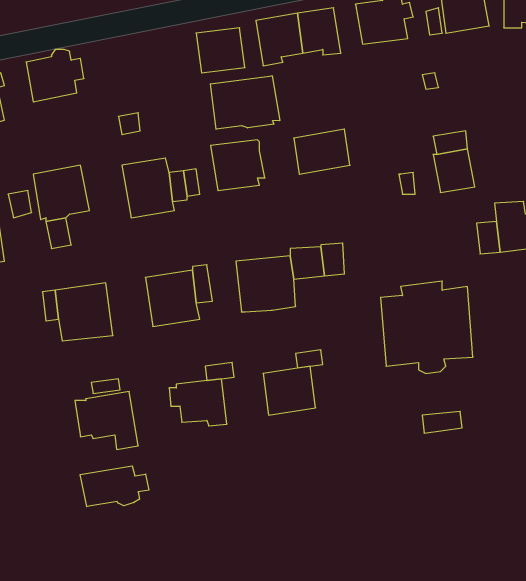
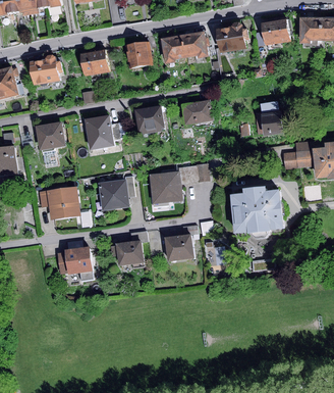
building: none -> [81,49,110,75]
building: [211,76,280,129] -> none
building: [80,466,149,507] -> none

